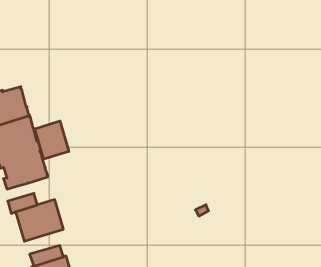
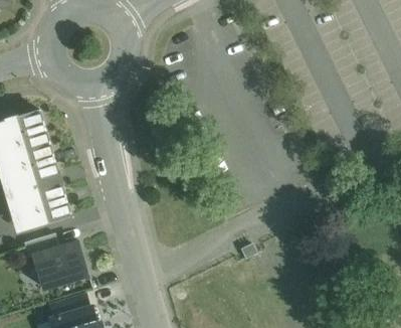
building: [35,121,69,159] -> none

